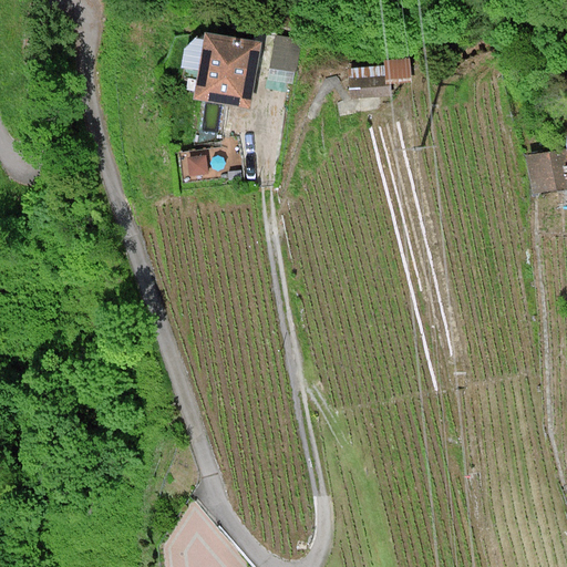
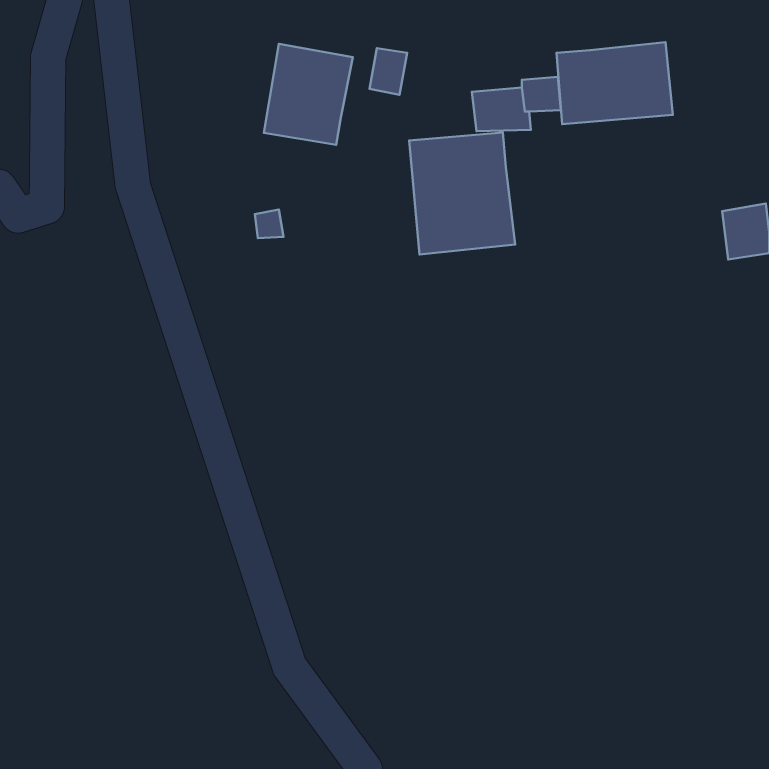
building: none -> [556,42,673,124]
building: none -> [409,132,515,255]

